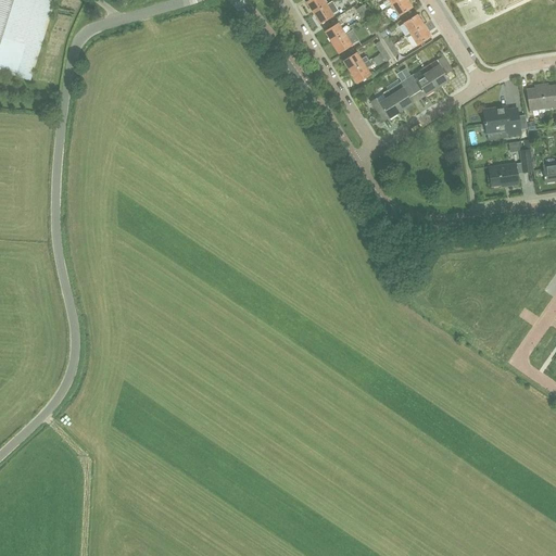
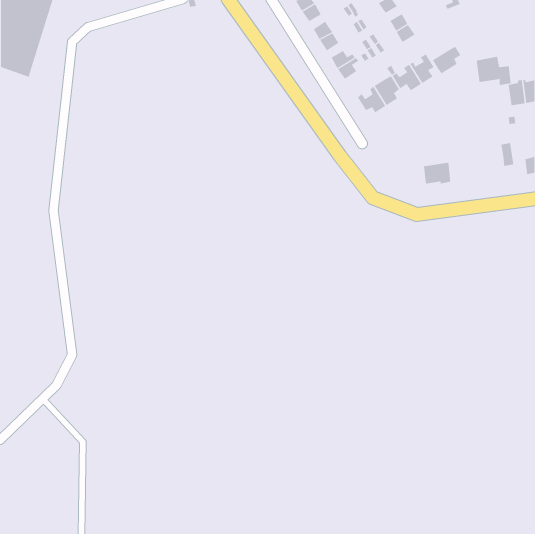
building: none -> [432,46,461,74]
building: [483,104,520,135] -> [476,56,511,86]
building: [489,162,518,185] -> [423,162,451,184]

